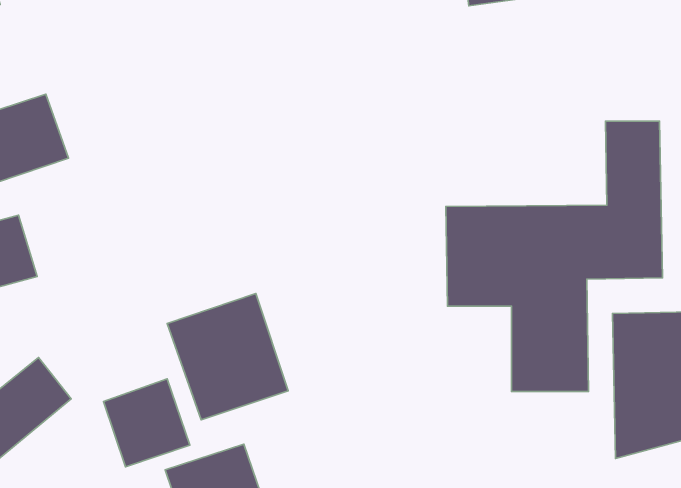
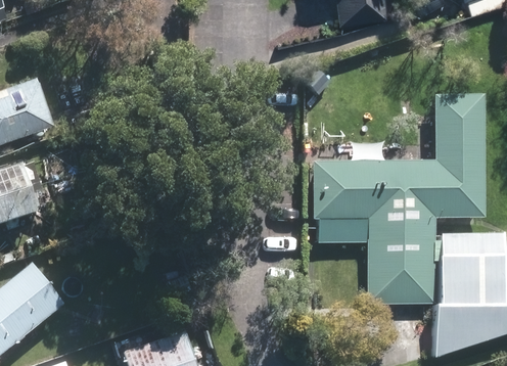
building: [167,293,288,420] -> none
building: [104,379,190,467] -> none

